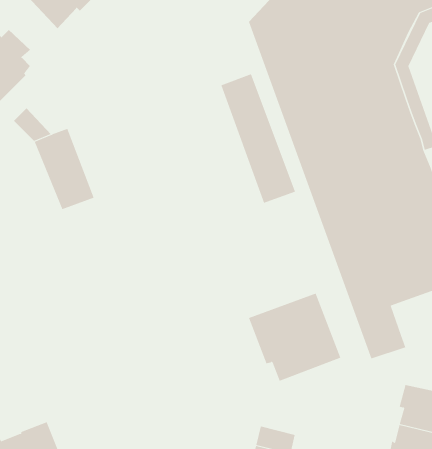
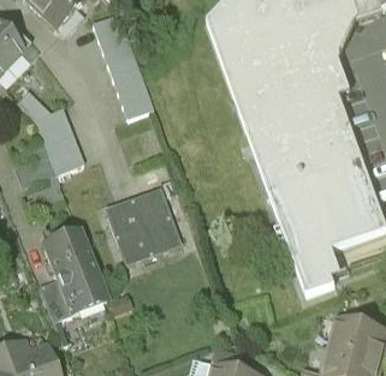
building: [220,73,296,204] -> [91,11,153,117]
building: none -> [42,229,105,315]
building: [248,293,341,382] -> [100,189,176,261]

